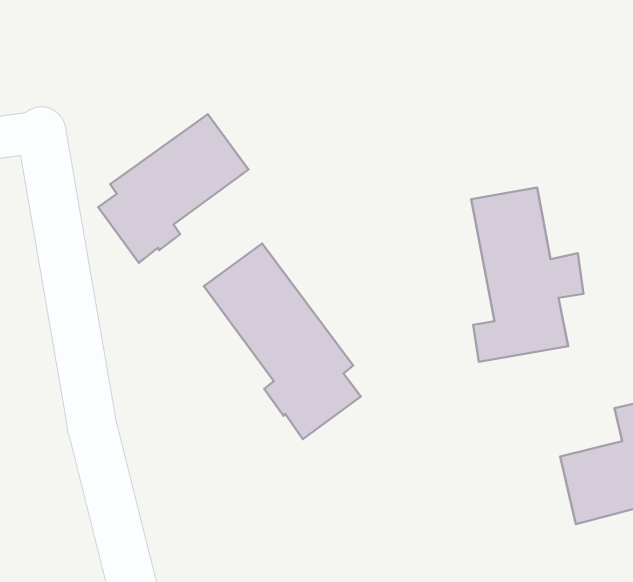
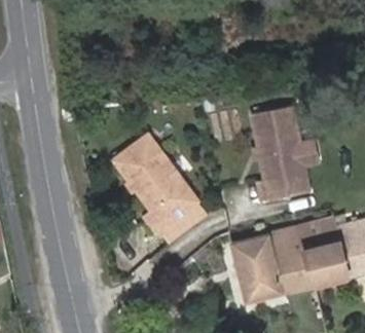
building: [98,114,248,263] -> none
building: none -> [230,220,339,305]

